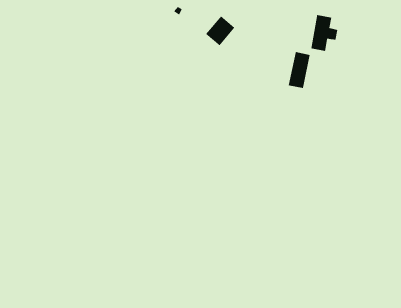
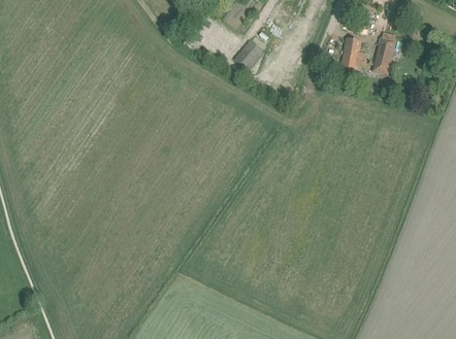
building: [288,52,311,89] -> [372,36,395,73]

